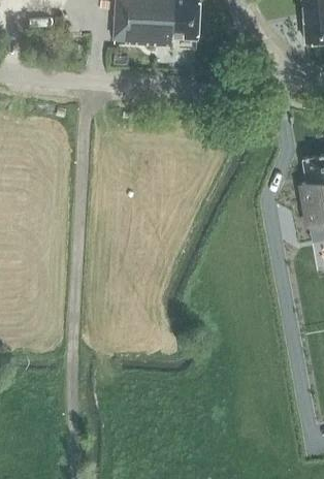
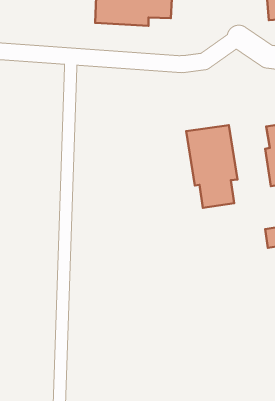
building: none -> [186,125,237,208]

